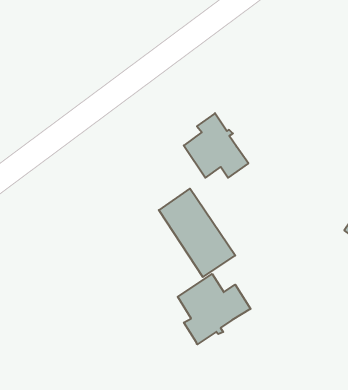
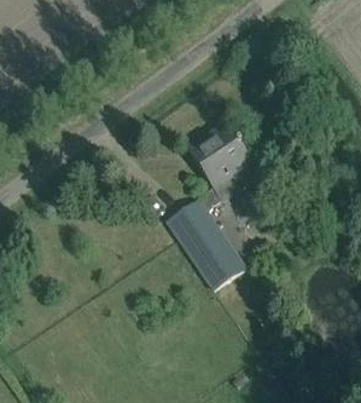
building: [178,274,251,344] -> none

